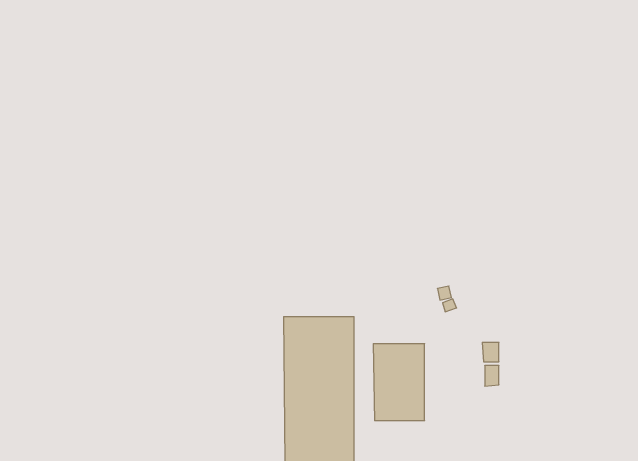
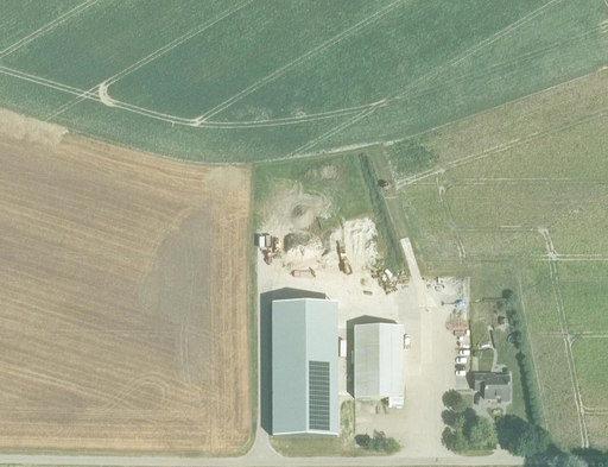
building: none -> [475,372,508,396]

